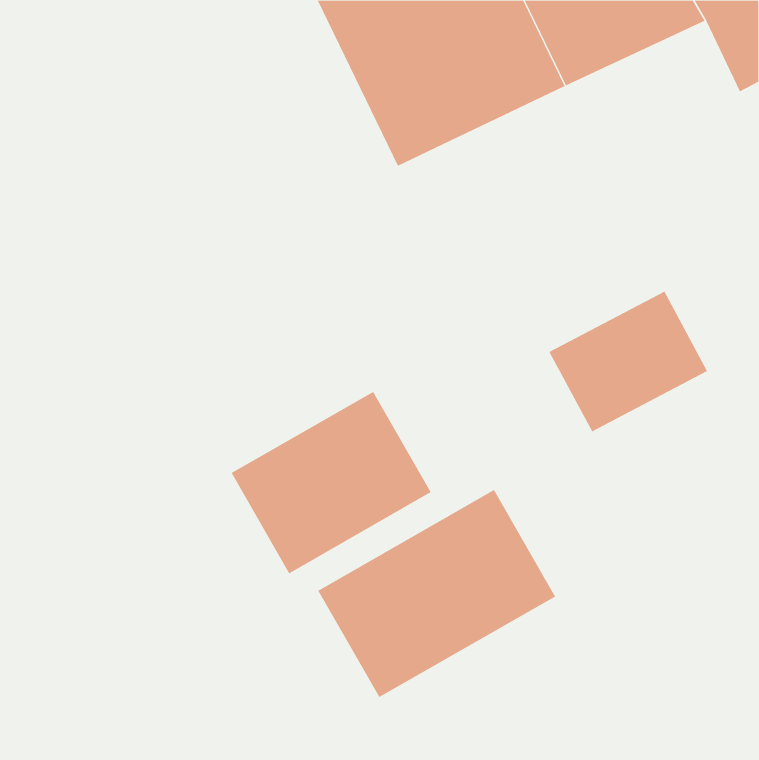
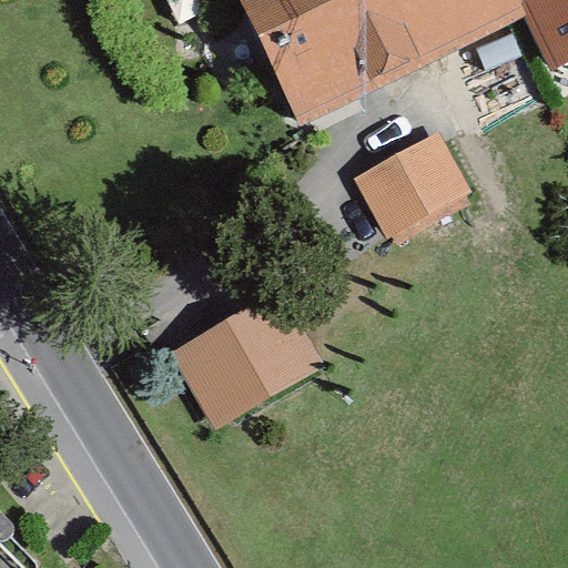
building: [549,291,708,432] -> [353,132,471,237]
building: [318,489,556,698] -> none

